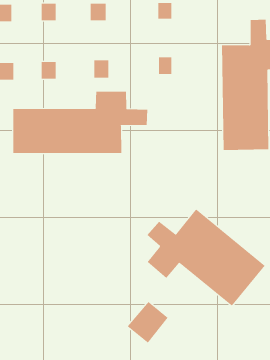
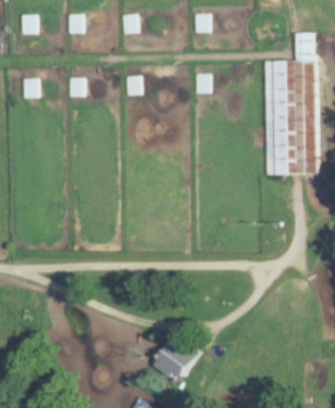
building: [13,91,148,154] -> none
building: [147,208,266,306] -> none

